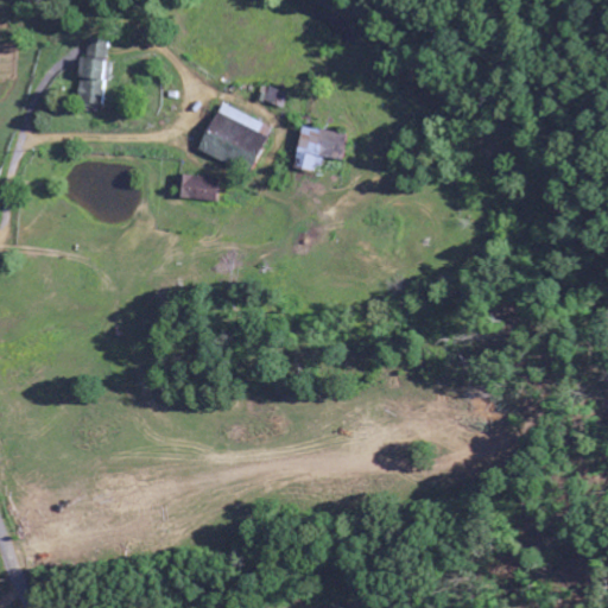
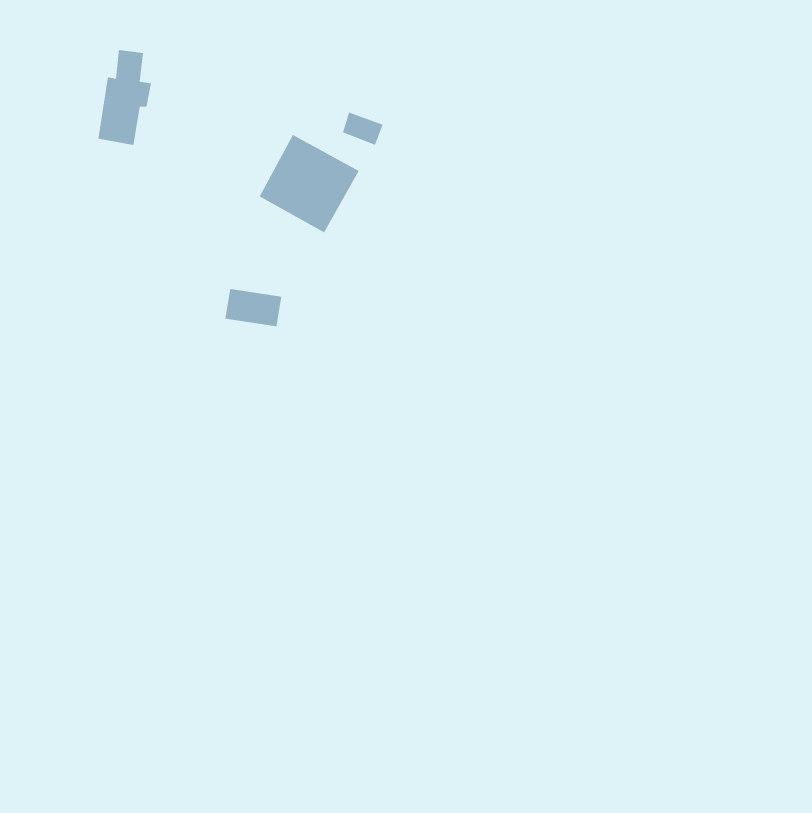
building: [293,126,348,172] -> none
building: [173,173,216,202] -> [225,289,282,327]

